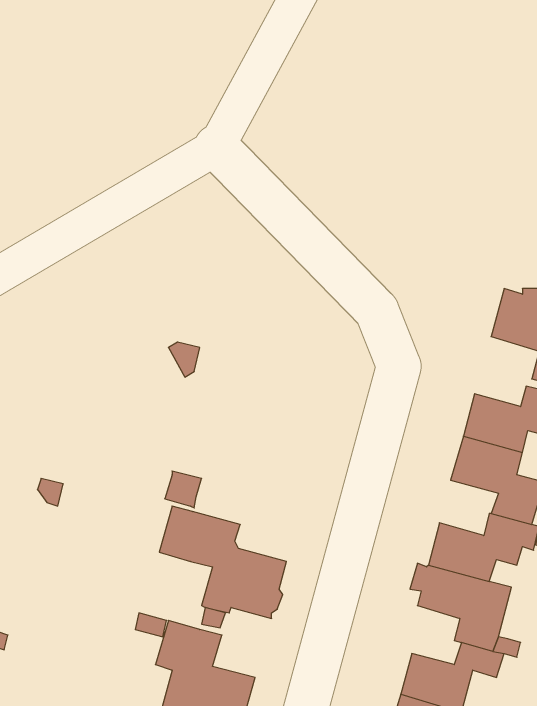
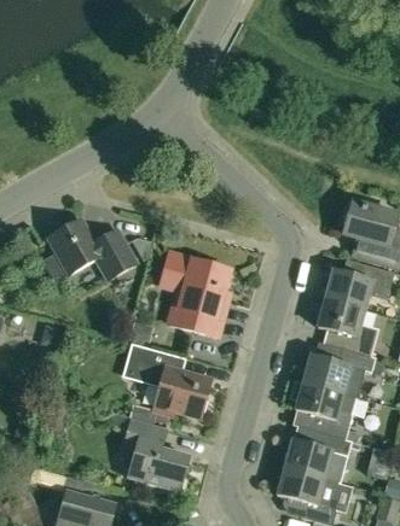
building: none -> [46,220,137,280]
building: none -> [166,256,228,337]

